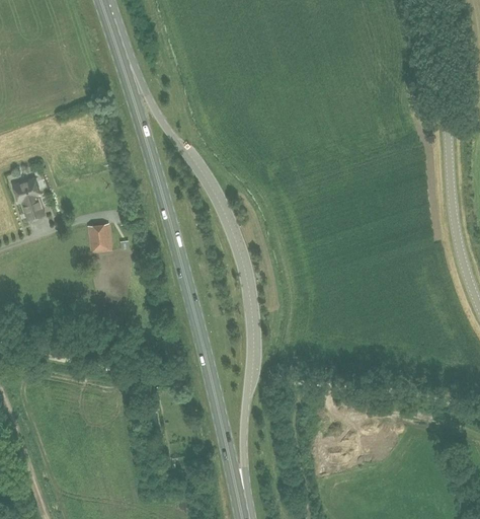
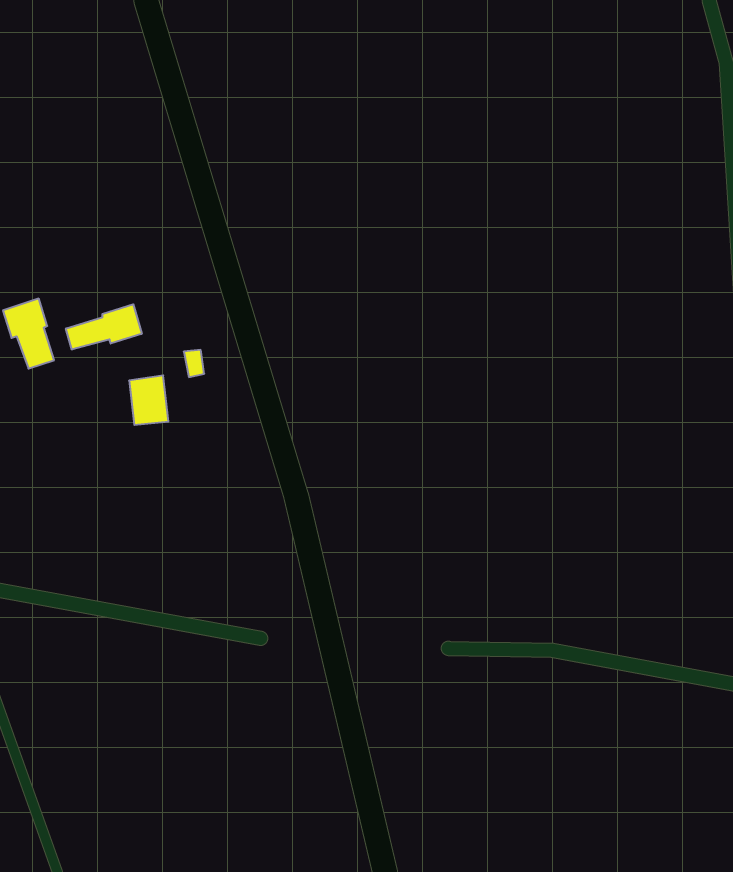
building: none -> [66,304,142,350]

